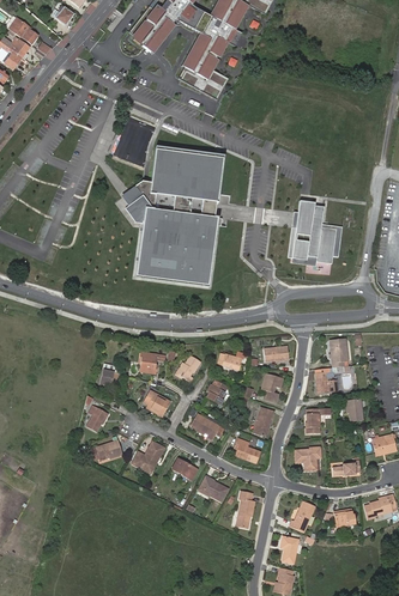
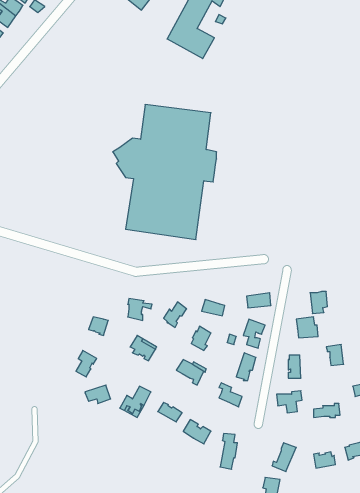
building: [289,196,343,267] -> none

